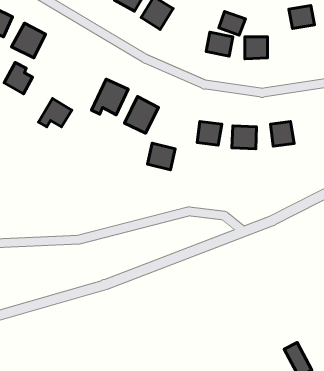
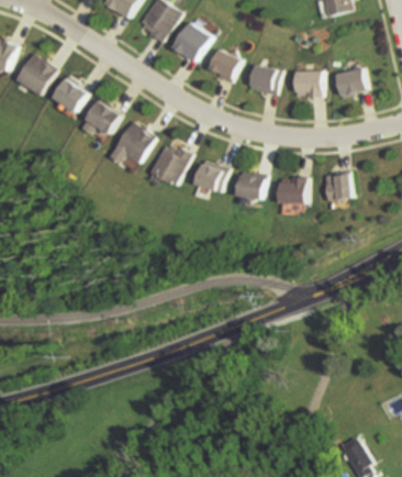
building: [289,5,315,28] -> [334,68,365,96]
building: [219,11,246,35] -> [208,49,239,78]
building: [4,63,33,94] -> [52,75,86,112]
building: [39,98,72,127] -> [80,100,120,134]
building: [148,143,175,170] -> [196,160,228,192]

